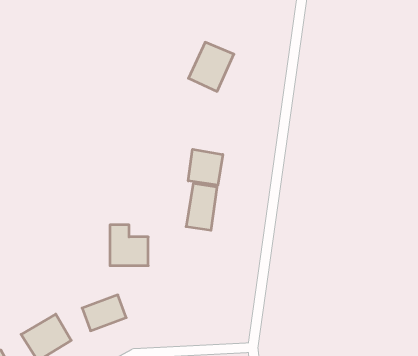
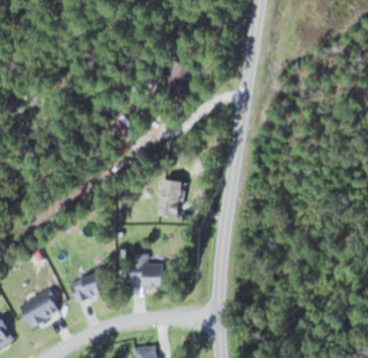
building: [188,149,223,185] -> none
building: [110,225,148,266] -> [132,252,164,287]

